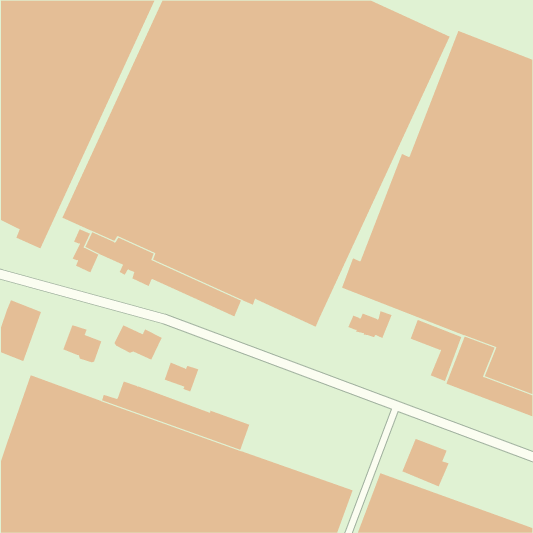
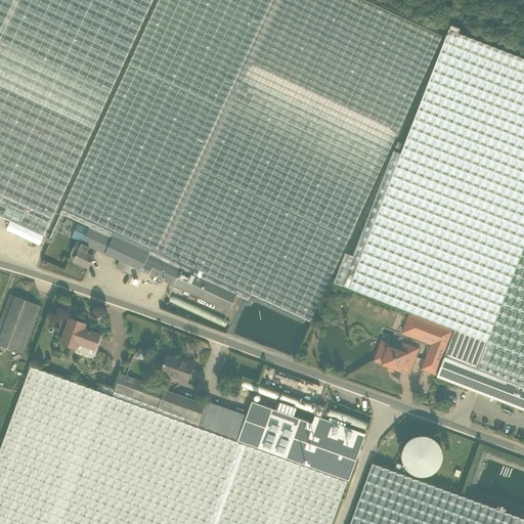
building: [348,311,392,339] -> [375,344,419,372]
building: [114,324,162,361] -> none
building: none -> [236,404,365,482]

